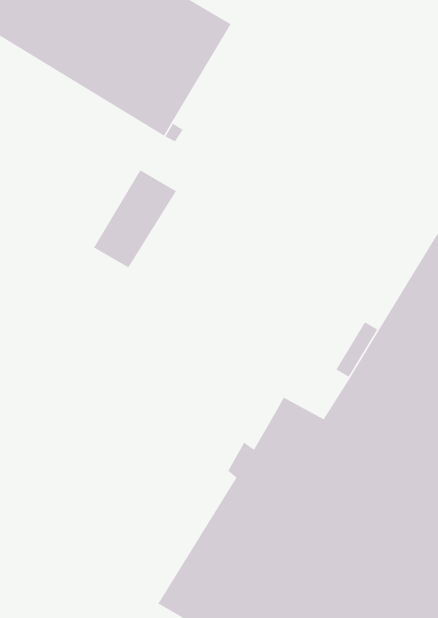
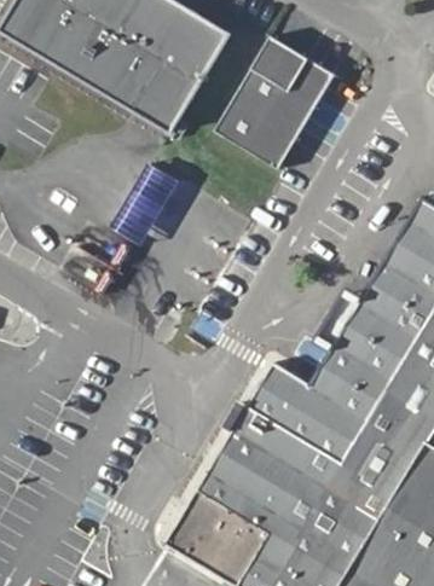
building: none -> [216,35,338,168]

